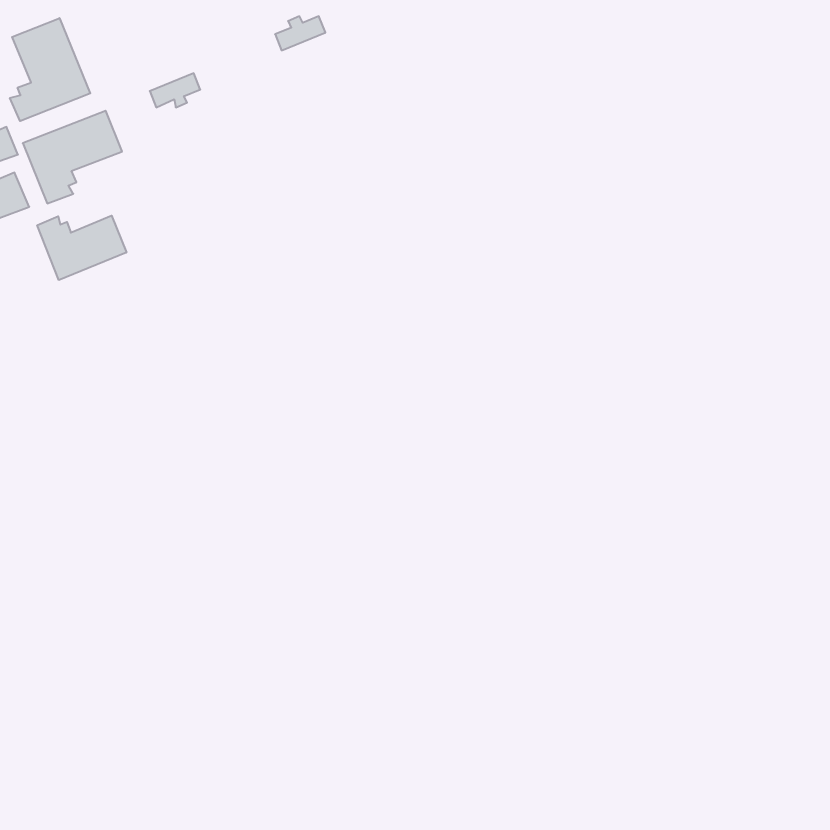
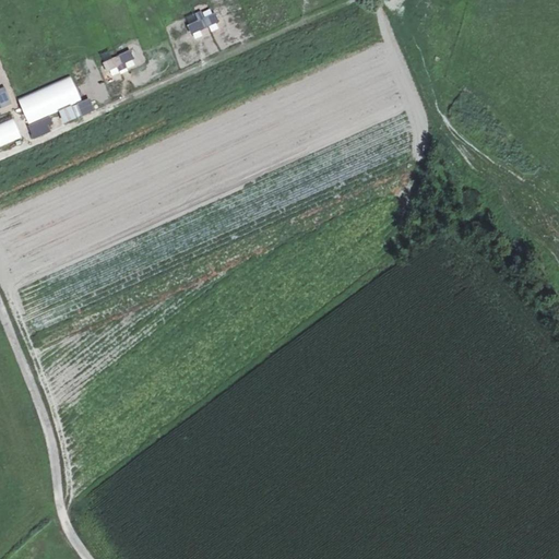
building: [10,18,90,121] -> none
building: [37,216,126,280] -> none

